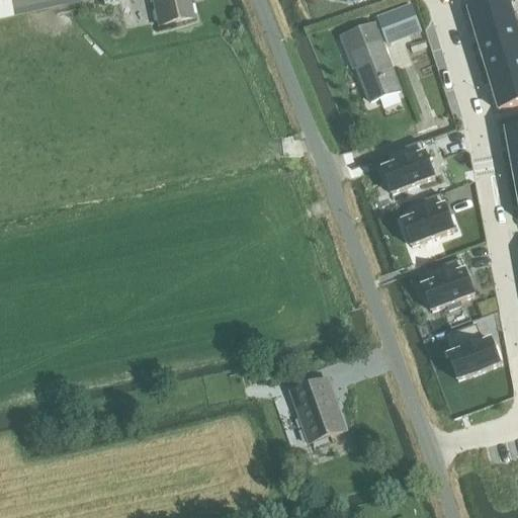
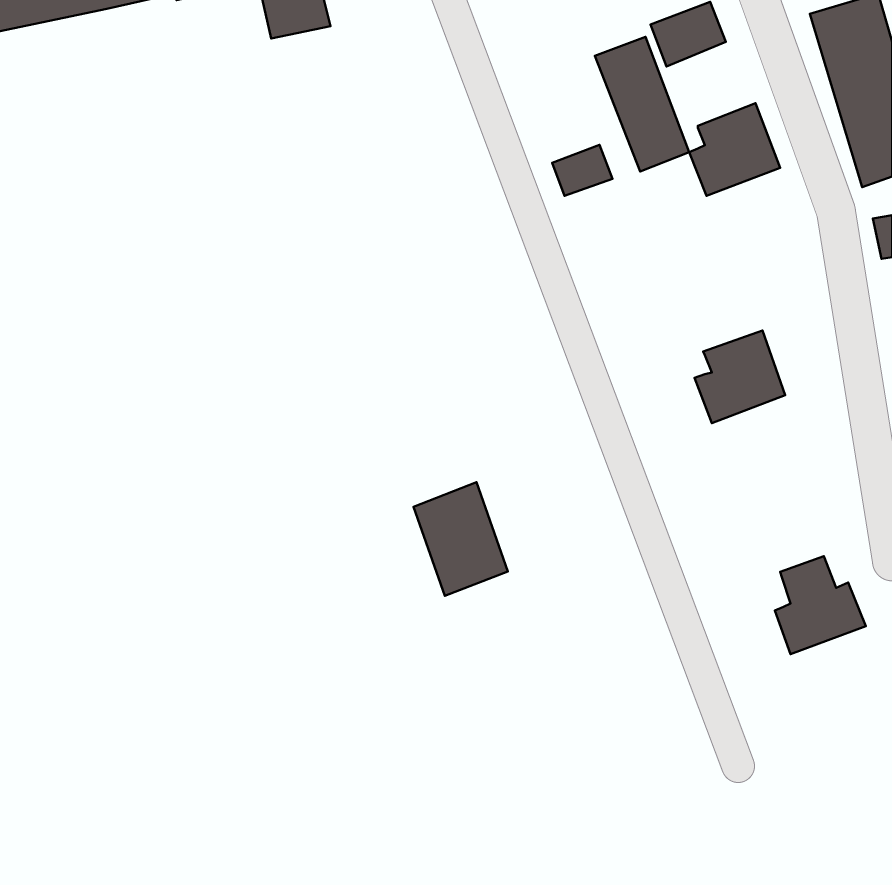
building: none -> [552,145,613,196]
building: [382,139,435,192] -> [689,103,780,196]
building: [422,256,476,310] -> none
building: [290,375,345,441] -> [413,482,508,596]

